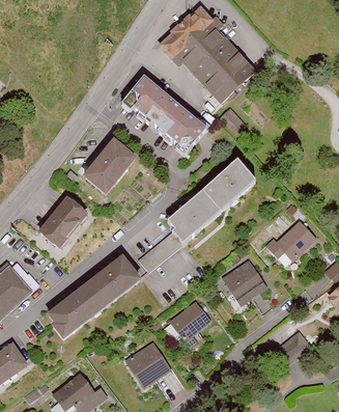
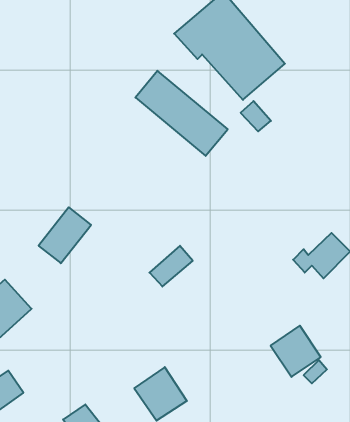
building: [84,140,135,194] -> none
building: [169,162,256,246] -> none
building: [48,258,139,336] -> none
building: [222,259,266,305] -> [271,326,321,377]
building: [169,300,209,340] -> none

